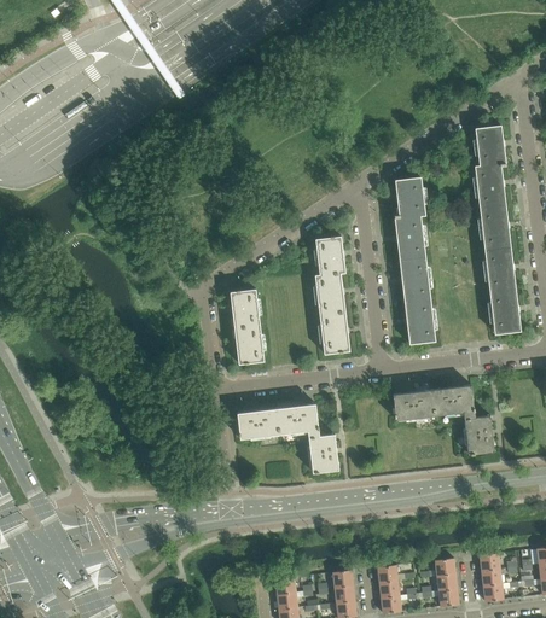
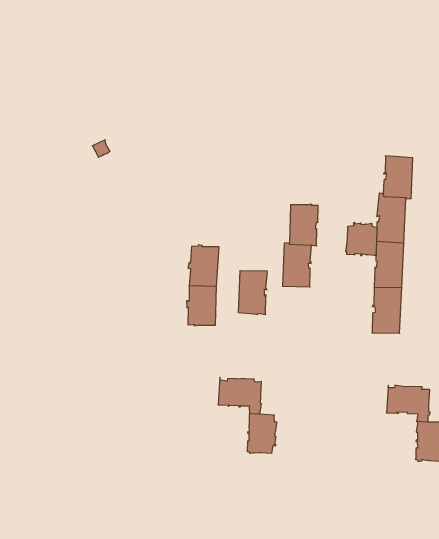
building: none -> [346,222,377,256]
building: [320,311,350,354] -> [238,271,267,314]
building: [394,390,435,420] -> none
building: [238,408,279,438] -> none

